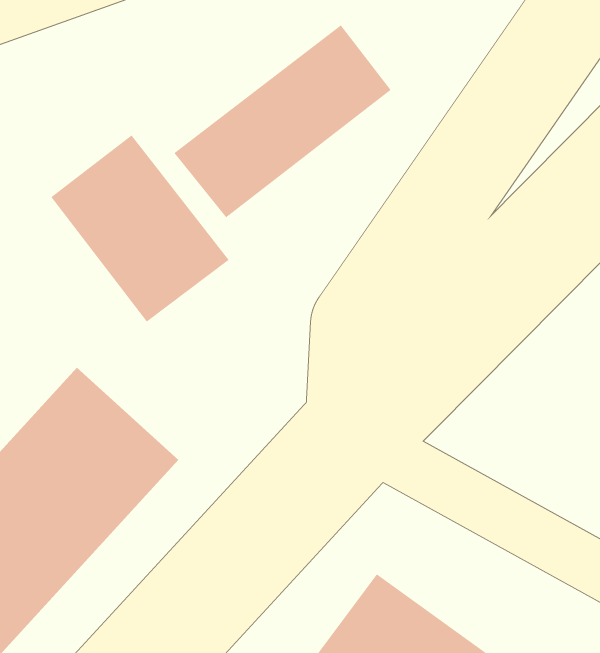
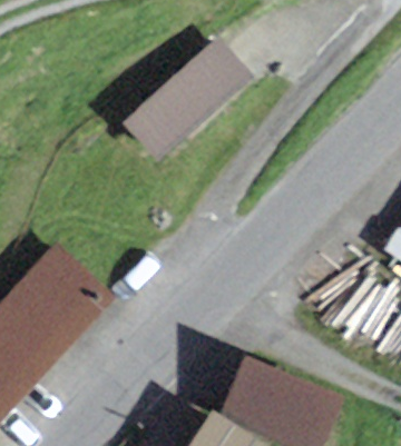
building: [51,134,230,323] -> none

